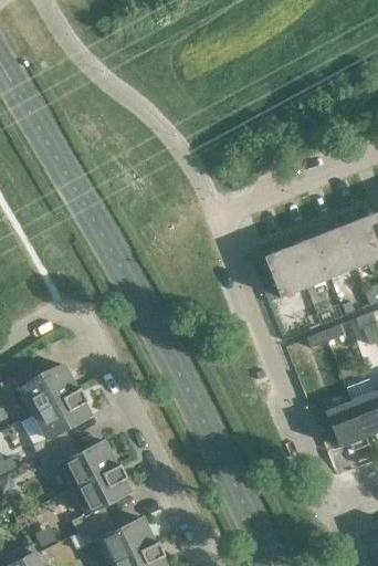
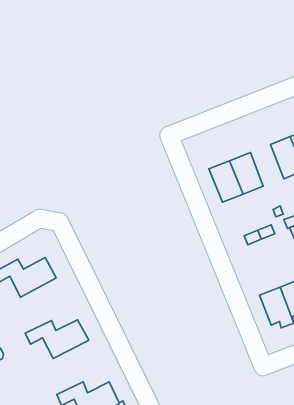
building: [314,226,355,276] -> none
building: [32,386,90,457] -> none
building: [71,462,129,532] -> none

